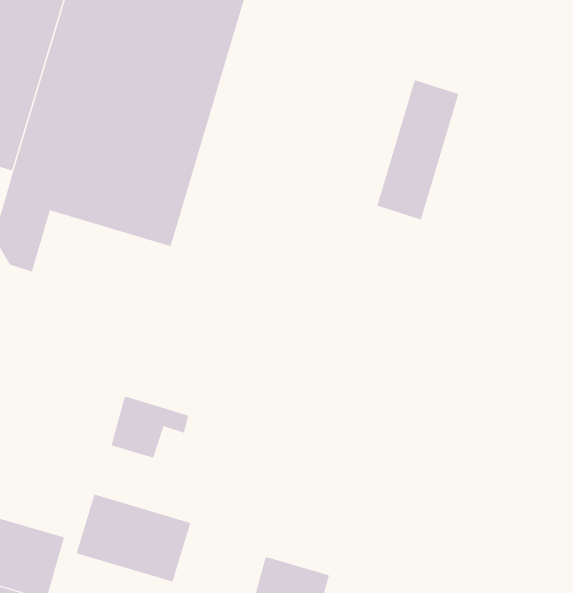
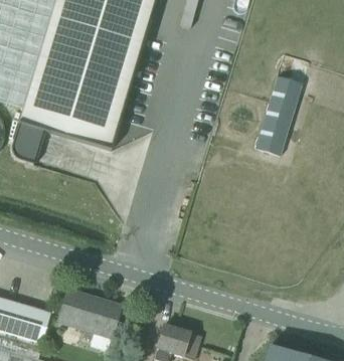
building: [376,80,459,220] -> [255,76,302,155]
building: [111,396,189,459] -> none

